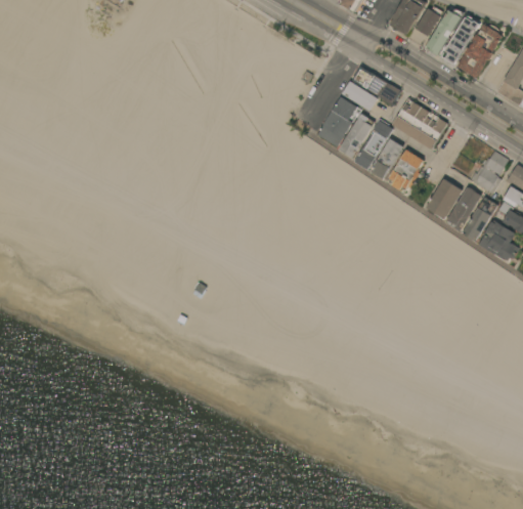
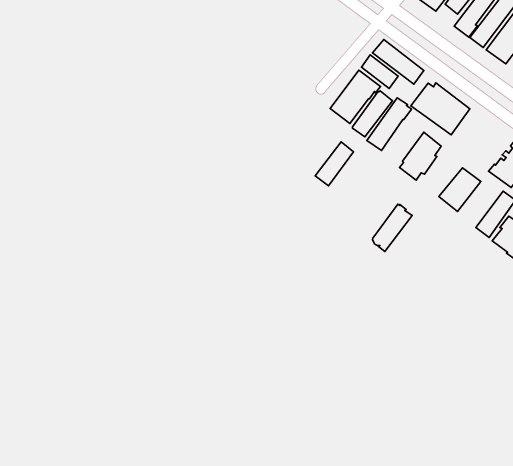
building: [369,138,403,180] -> [315,142,354,186]
building: [447,186,482,231] -> [373,204,412,252]

